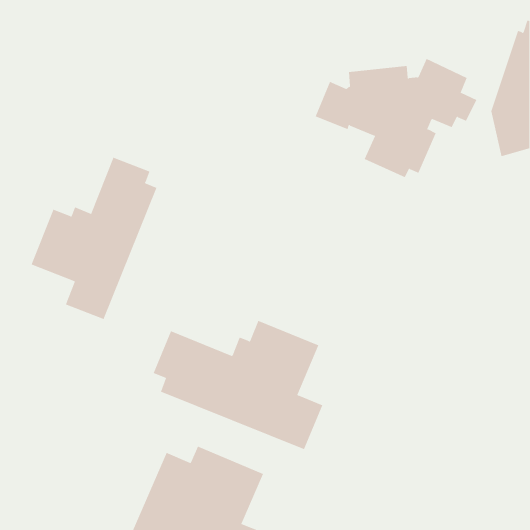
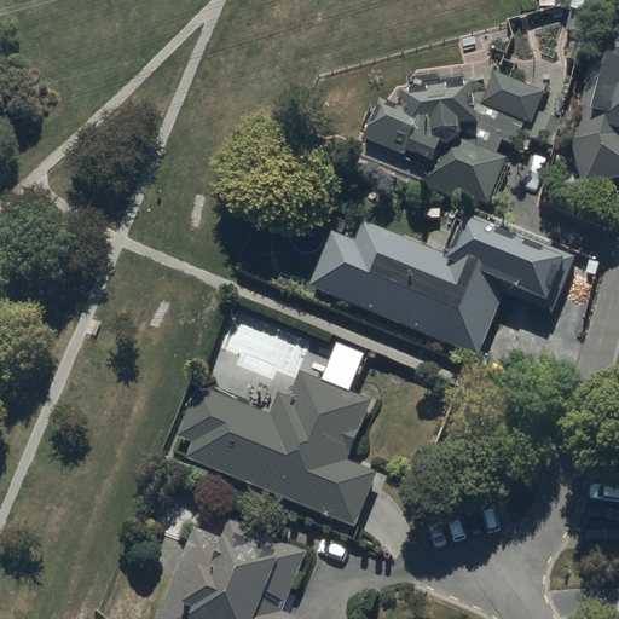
building: [31,157,157,320] -> none
building: none -> [310,212,574,354]

